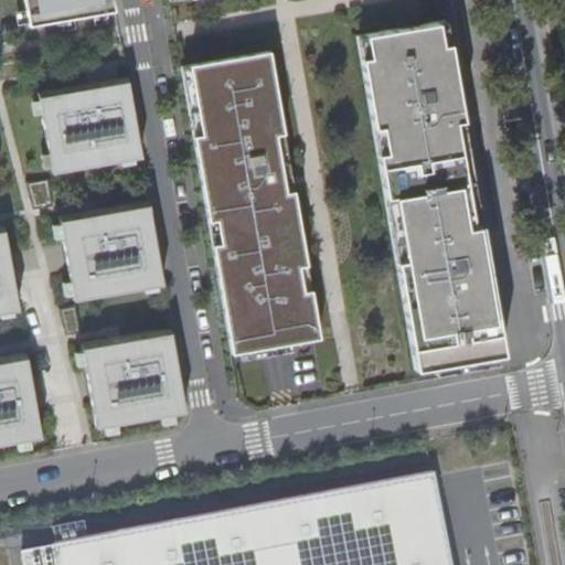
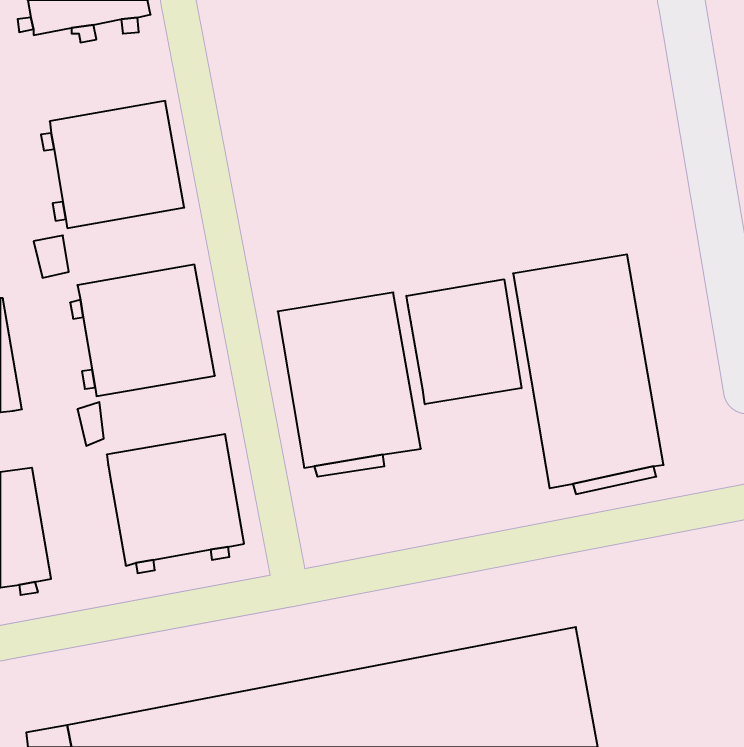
building: [360,17,476,206] -> none
building: [182,50,299,235] -> none
building: none -> [406,279,521,404]

